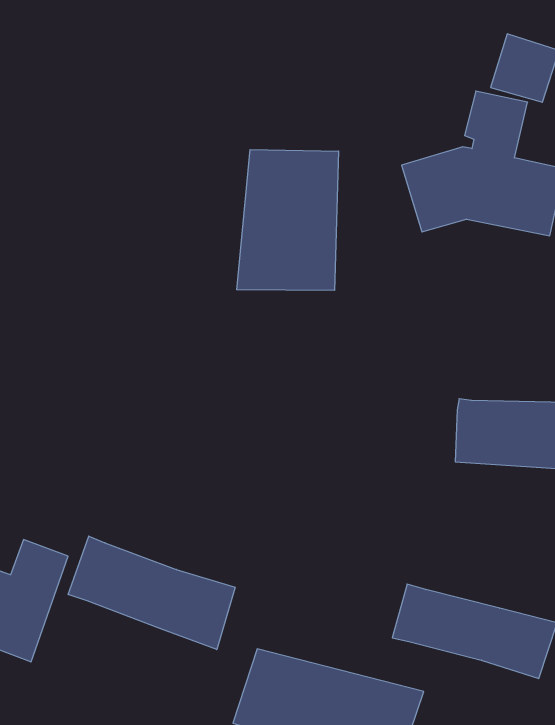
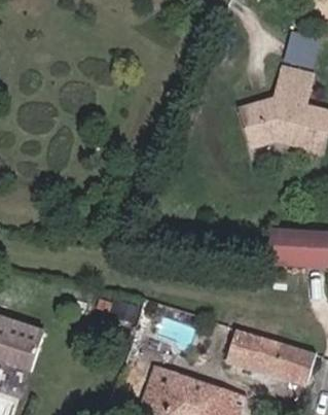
building: [237,150,339,290] -> none
building: [68,536,235,650] -> none

